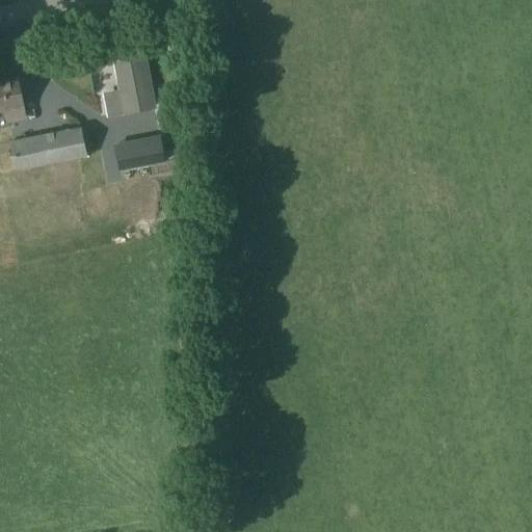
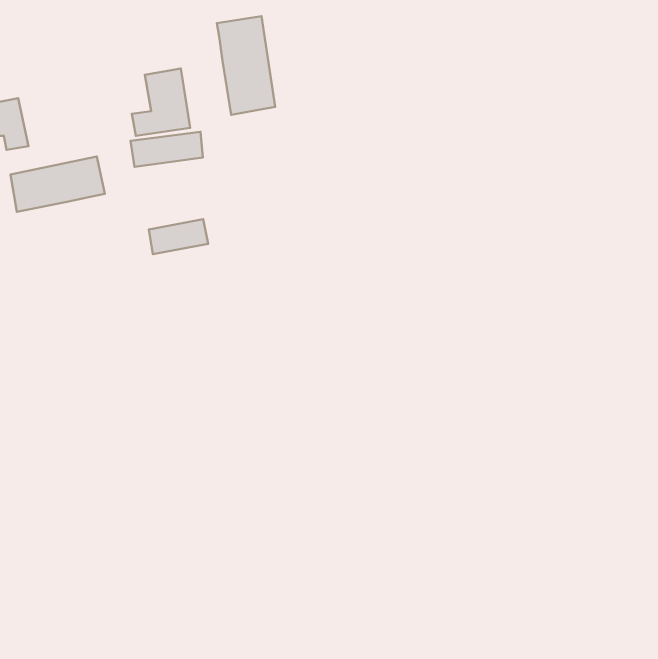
building: none -> [217,16,275,115]
building: [116,133,164,161] -> [149,219,208,254]

